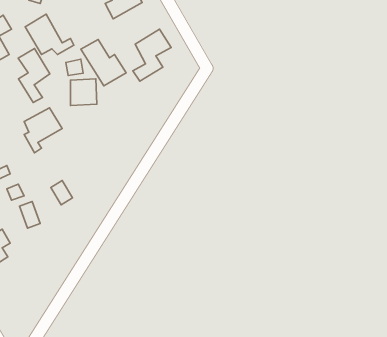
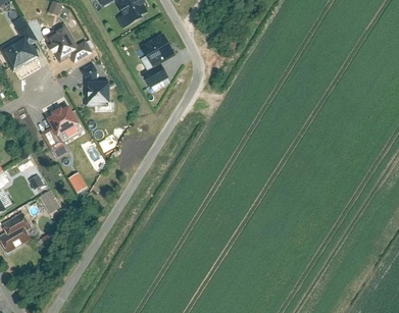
building: [81,40,126,86] -> none
building: [18,49,50,103] -> none

